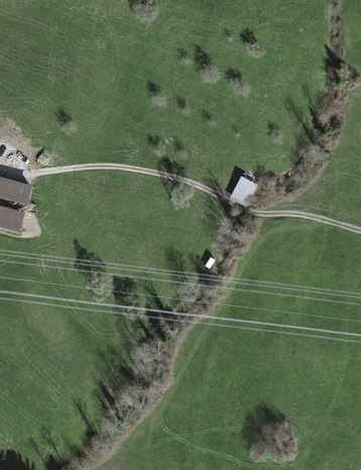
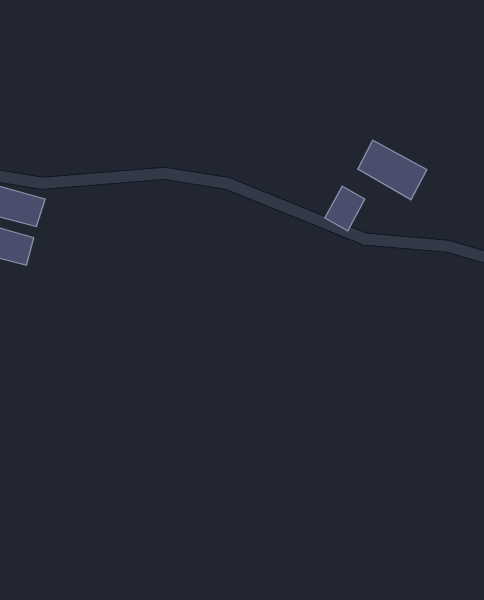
building: none -> [358,140,427,200]

